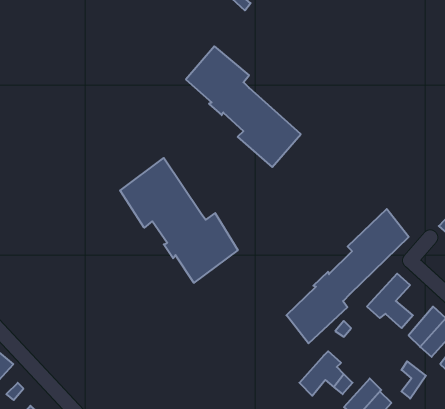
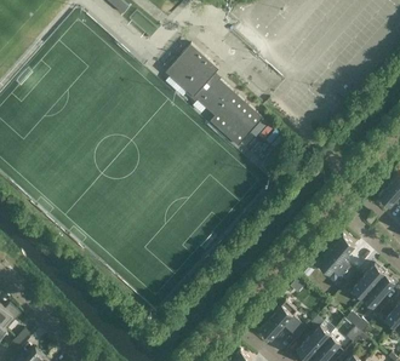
building: [120,158,238,283] -> none
building: [286,209,409,343] -> none

